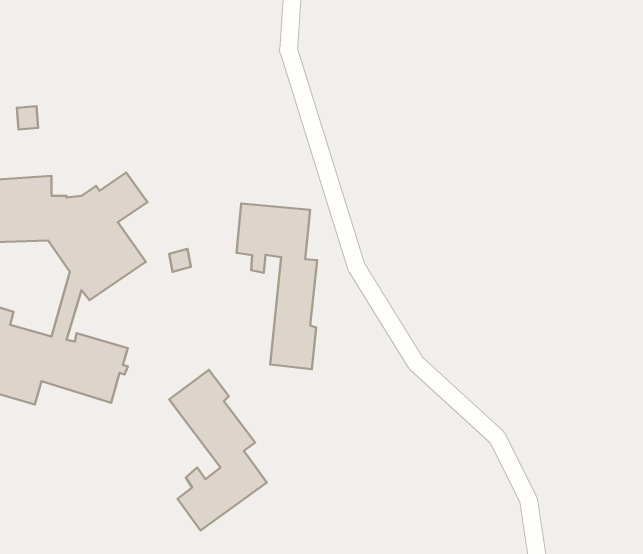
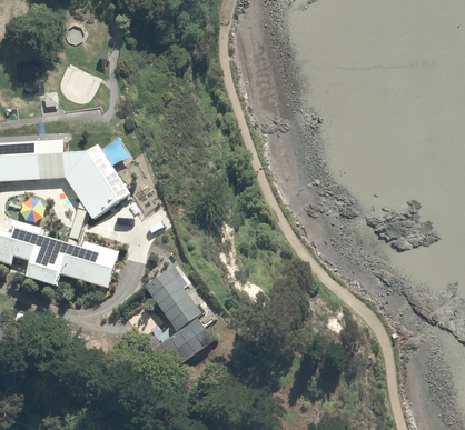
building: [236,204,317,369] -> none

